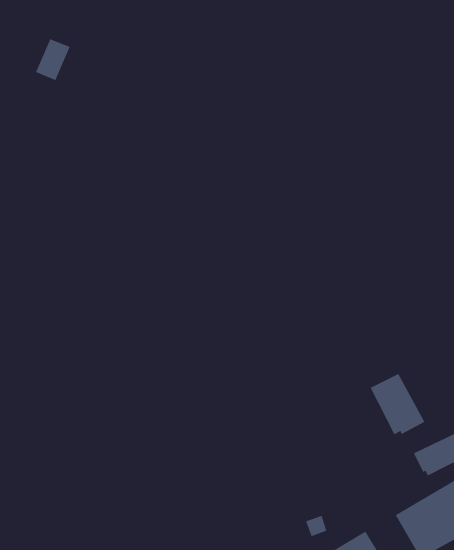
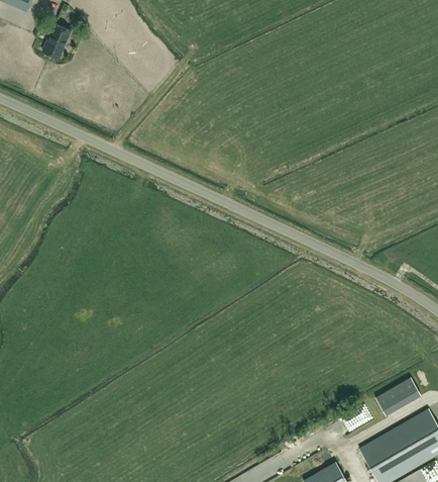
building: [35,38,70,81] -> [41,23,71,59]
building: [370,373,425,435] -> none

